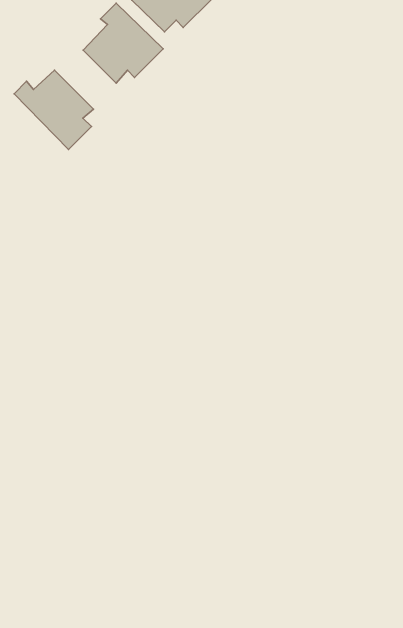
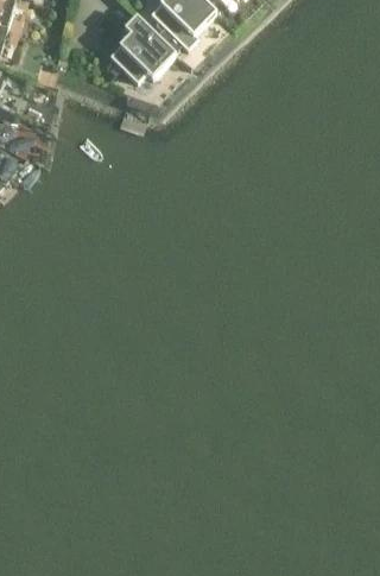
building: [14,70,93,149] -> none

